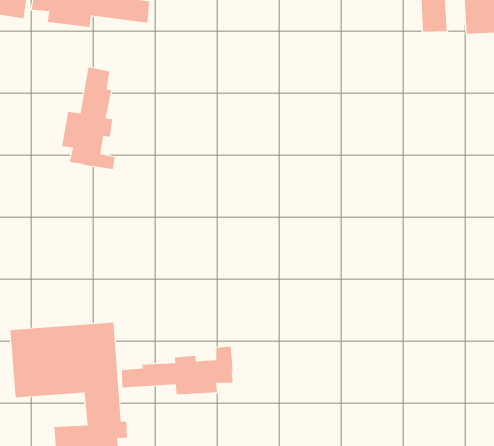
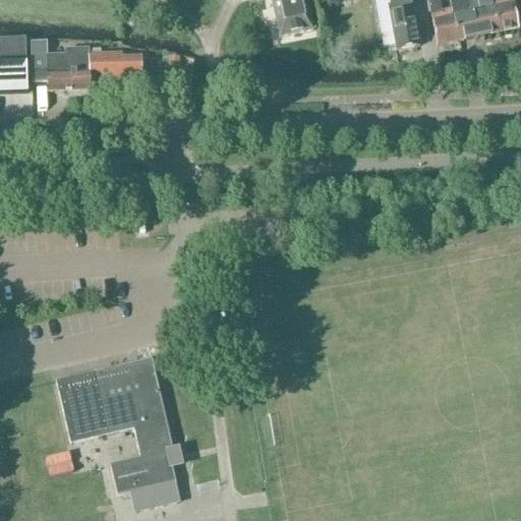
building: [62,67,115,170] -> none
building: [121,346,233,395] -> none

